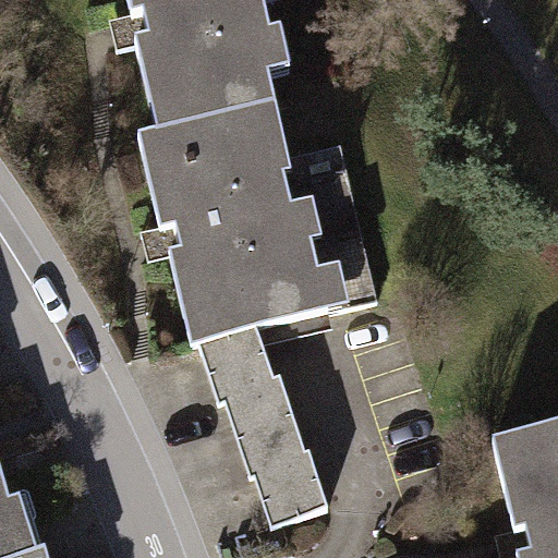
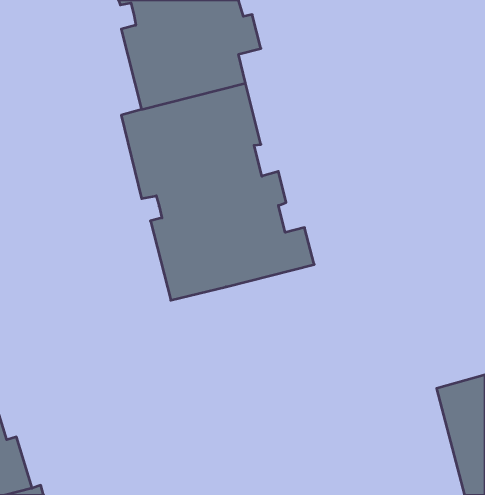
building: [192,323,328,518] -> none

